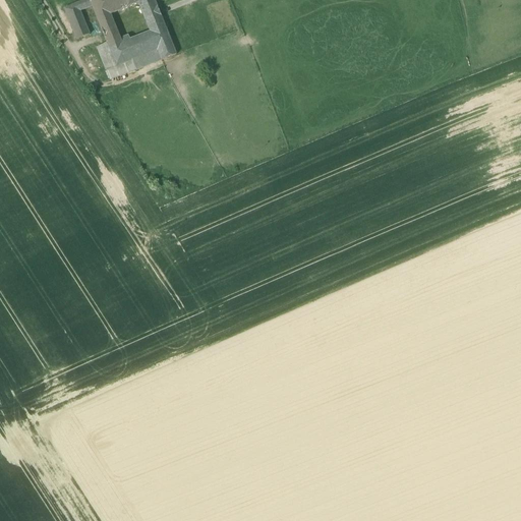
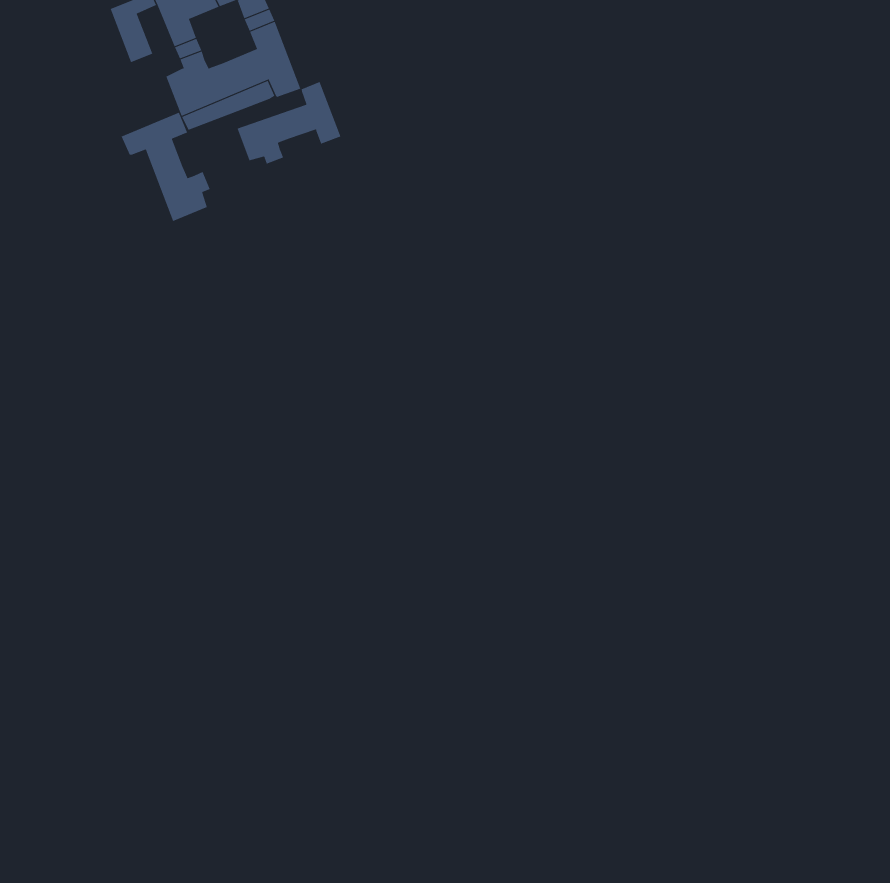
building: none -> [237,81,341,165]
building: none -> [121,112,210,222]

